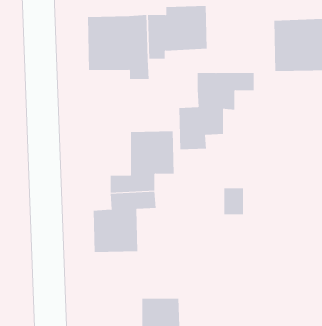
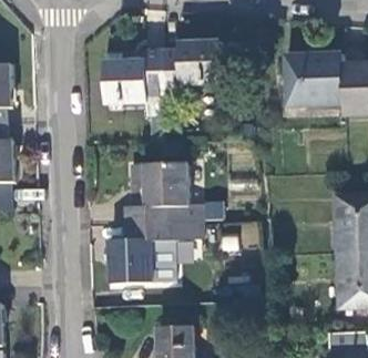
building: [178,73,255,150] -> [152,205,226,280]

